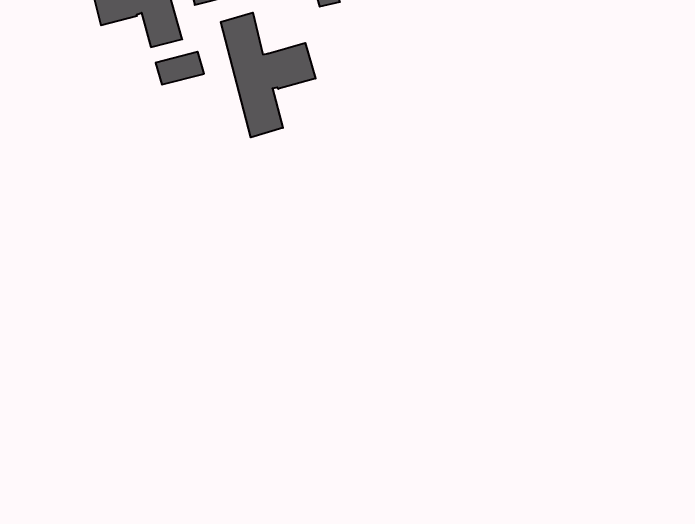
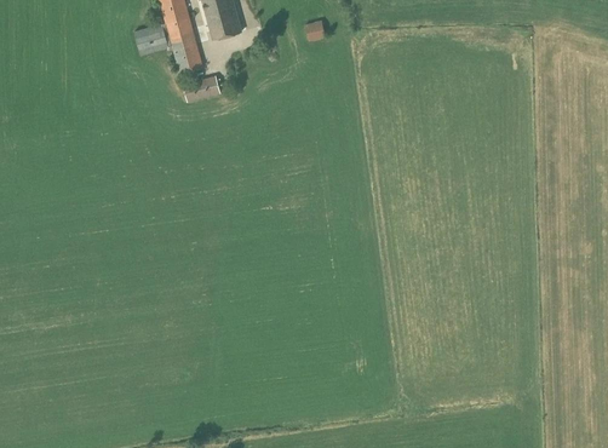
building: [221,13,316,137] -> none

